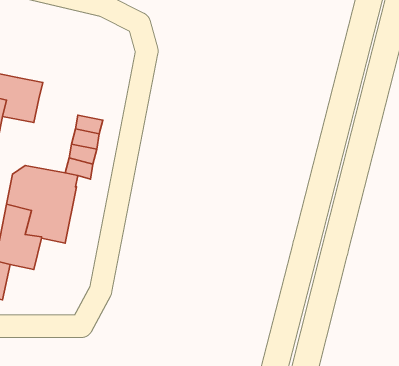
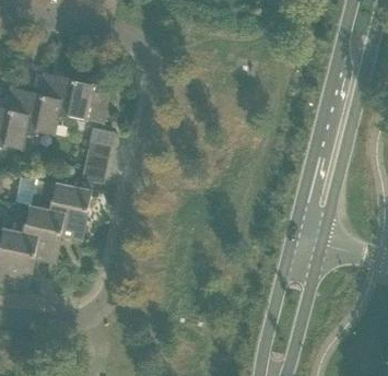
building: none -> [39,74,108,124]

